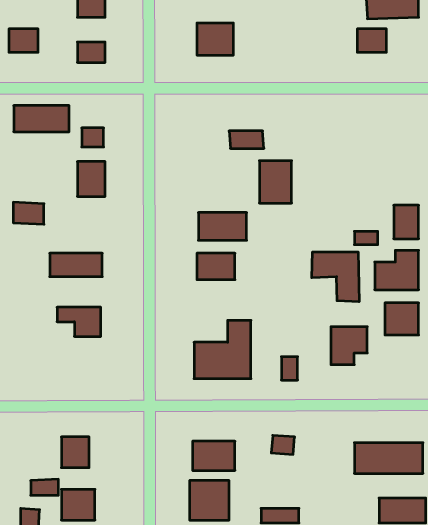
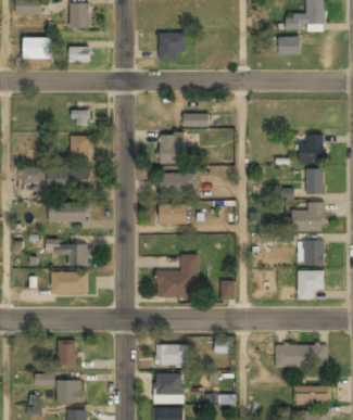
building: [14,106,69,132] -> [49,168,90,188]
building: none -> [298,135,324,163]
building: [259,161,292,203] -> [160,133,184,165]
building: [312,252,359,302] -> none
building: [331,327,367,365] -> [297,270,324,298]
building: none -> [51,272,87,293]

